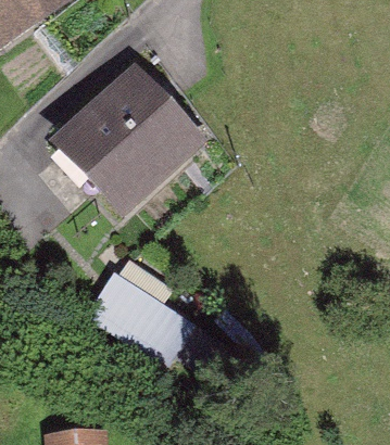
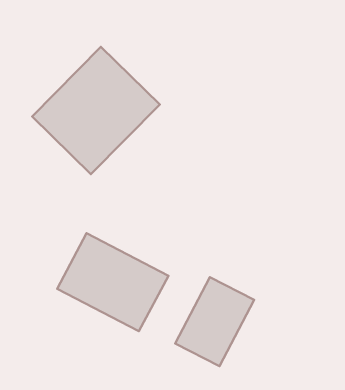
building: none -> [175,277,254,366]

